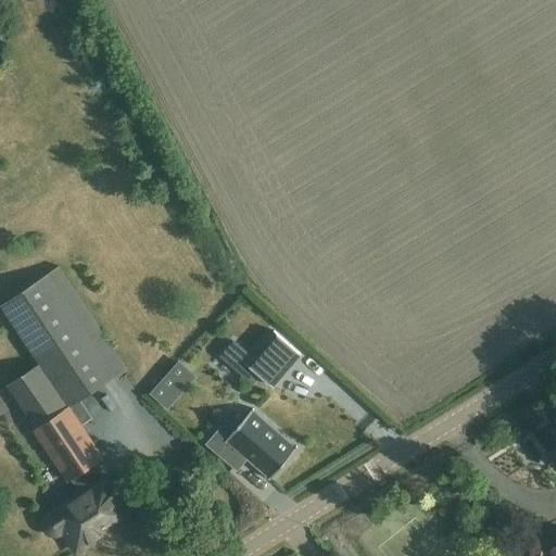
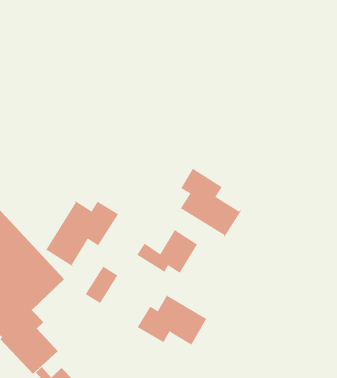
building: none -> [179,168,242,237]
building: none -> [45,200,119,267]

